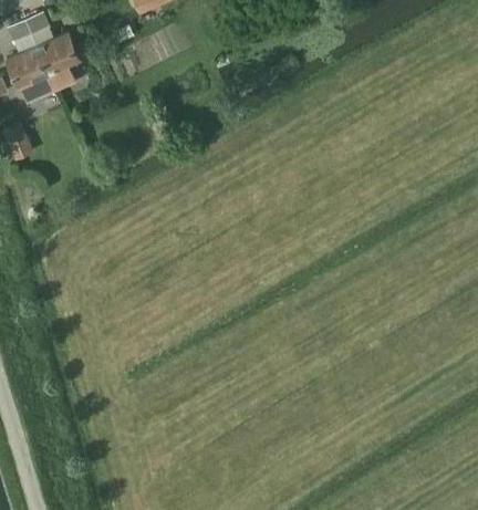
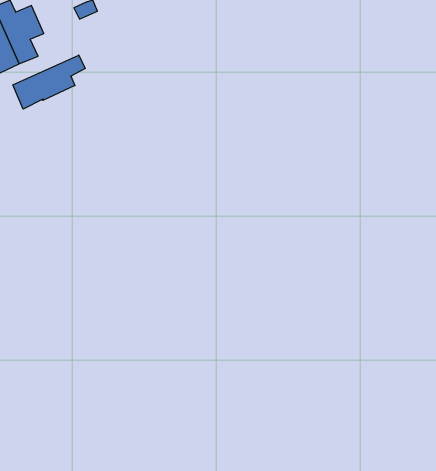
building: none -> [13,55,85,109]

